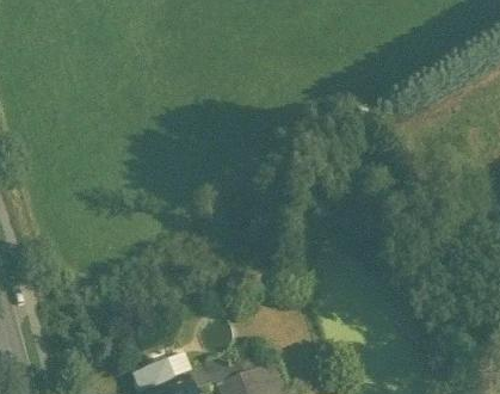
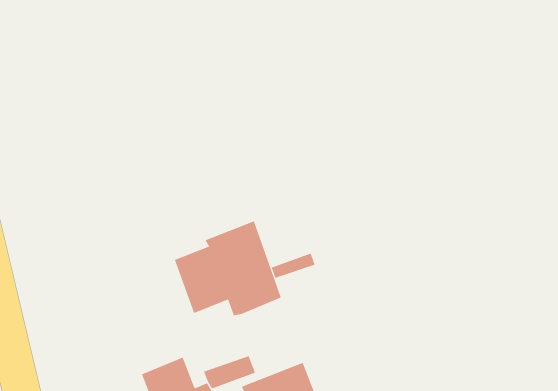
building: none -> [174,221,282,316]

